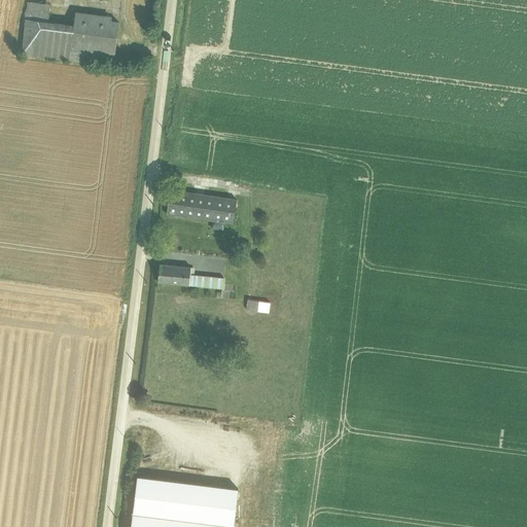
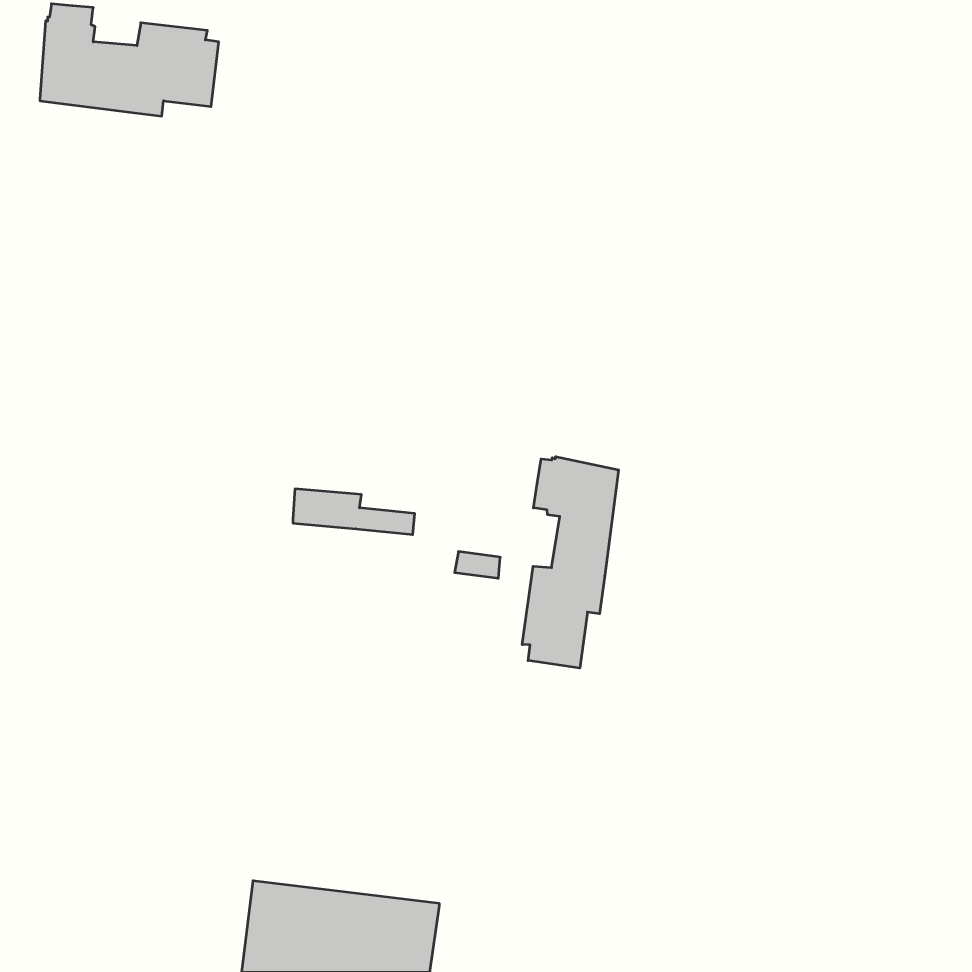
building: [167,190,237,231] -> none
building: none -> [522,457,619,668]

